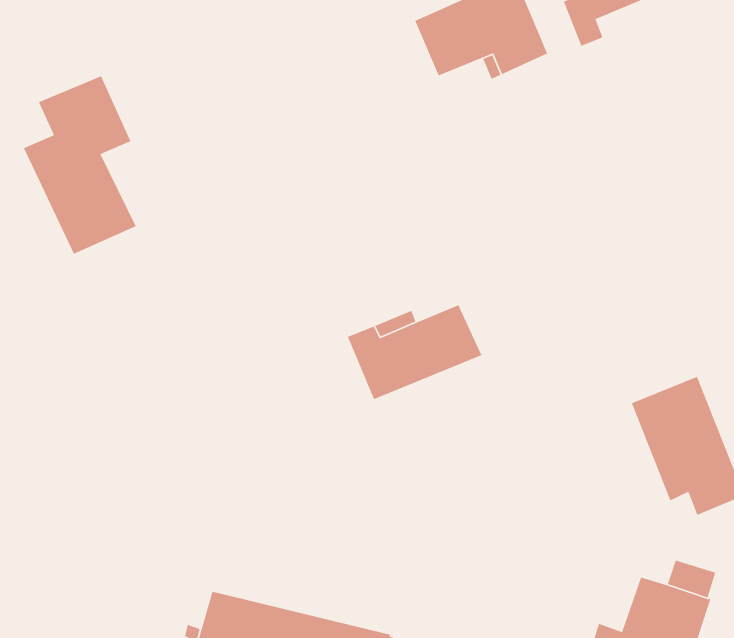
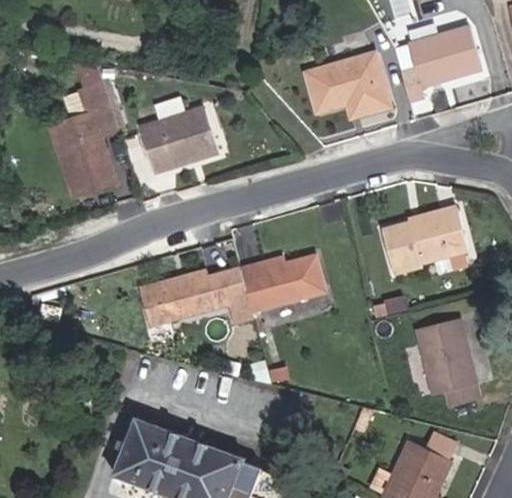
building: none -> [139,109,217,172]
building: none -> [381,207,468,273]
building: none -> [140,272,228,328]

